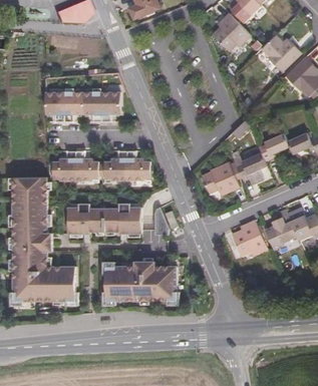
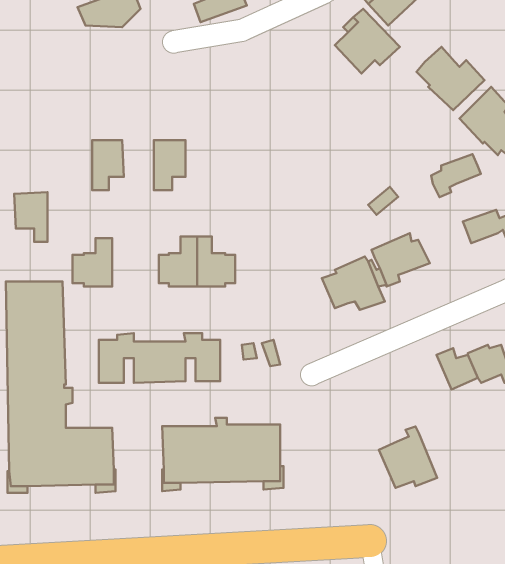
building: [46,91,66,121] -> [14,192,48,242]
building: [84,91,103,121] -> none
building: [262,133,292,159] -> [431,154,481,197]
building: [78,150,100,179] -> none
building: [233,220,268,257] -> [379,426,437,488]

